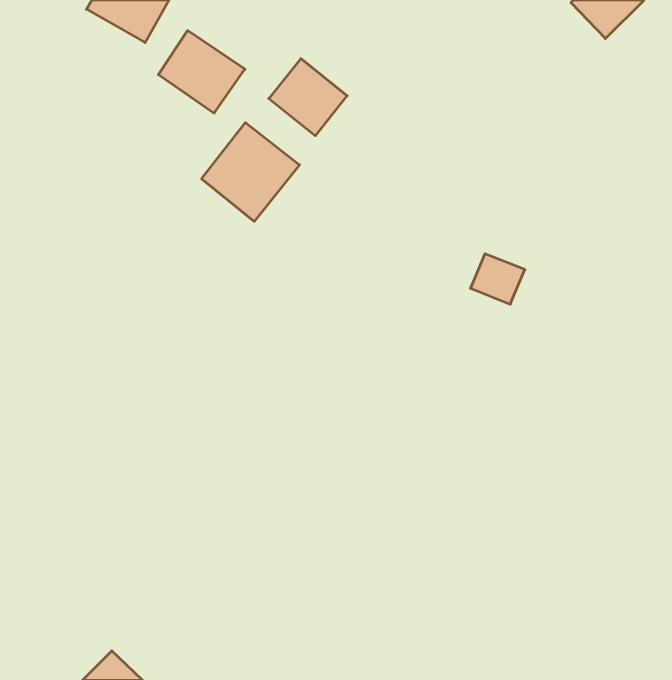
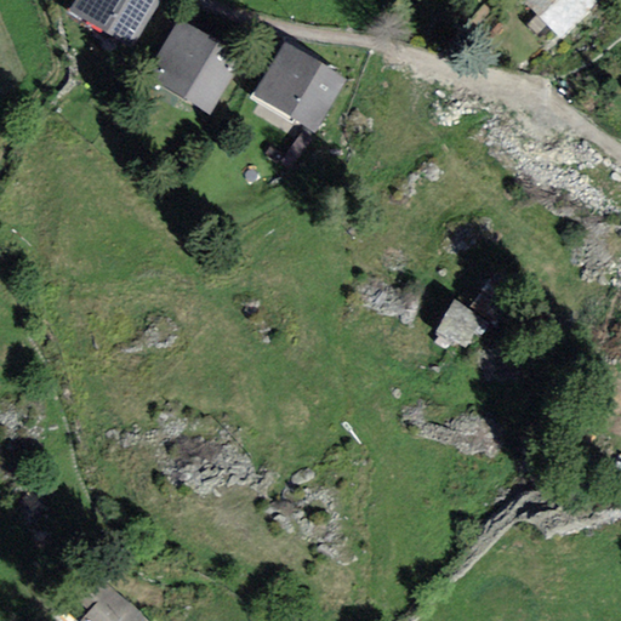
building: [202,123,300,221] -> none
building: [470,254,525,304] -> [448,297,497,343]

